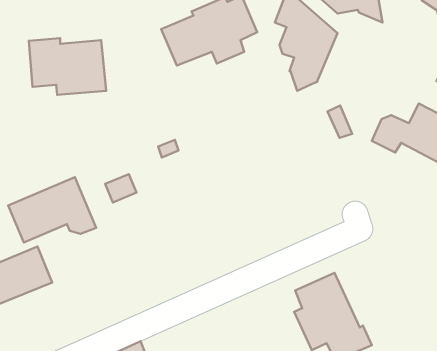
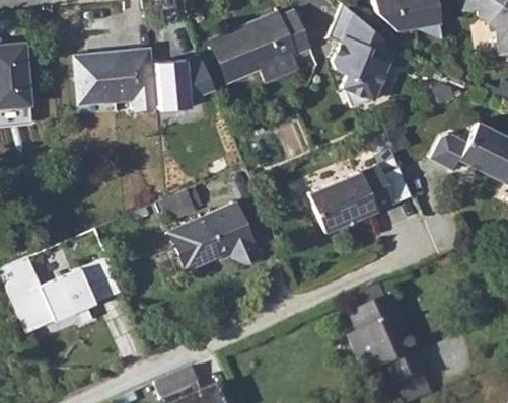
building: none -> [154,59,215,110]
building: none -> [310,165,394,231]
building: [8,177,96,243] -> [163,205,255,272]

